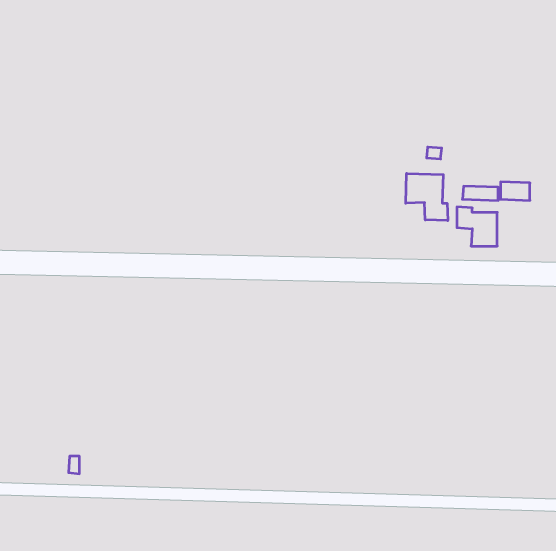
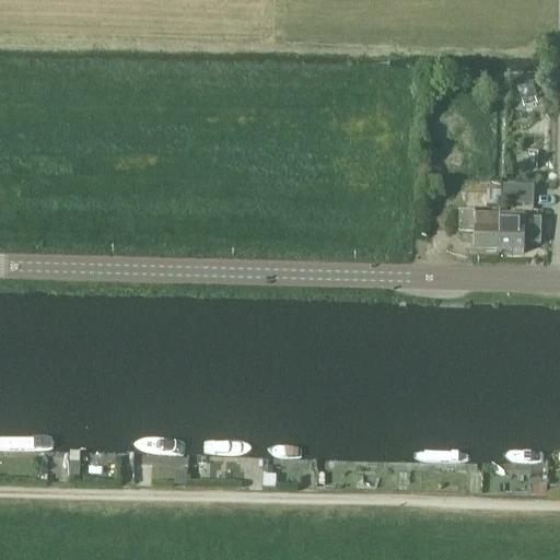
building: [406,173,448,221] -> none
building: none -> [500,213,541,247]

